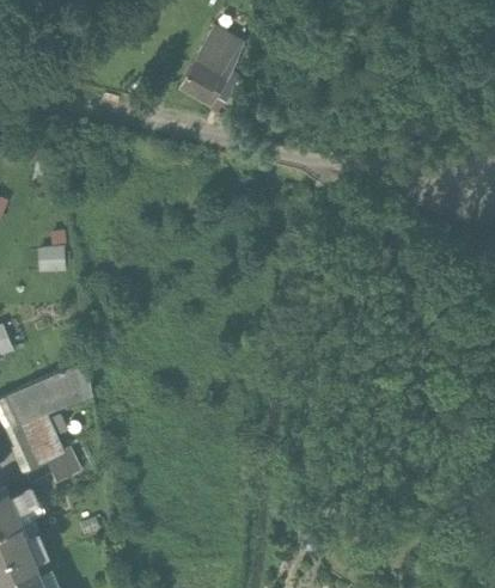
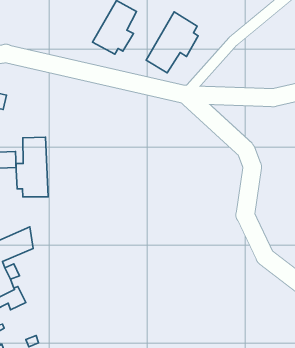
building: none -> [146,12,198,73]
building: none -> [16,137,48,197]

